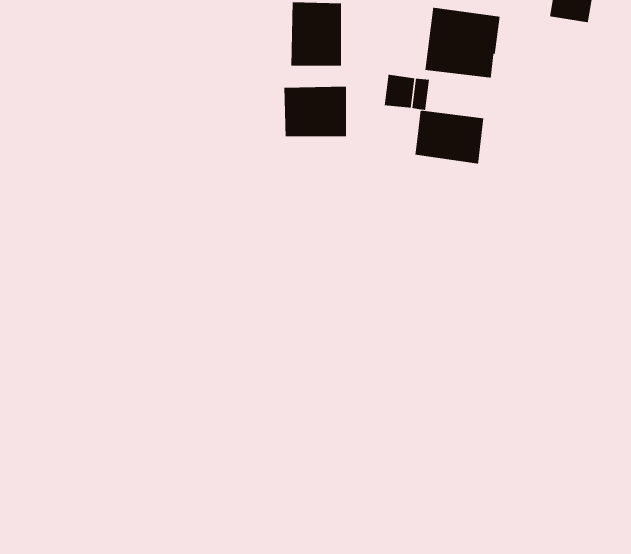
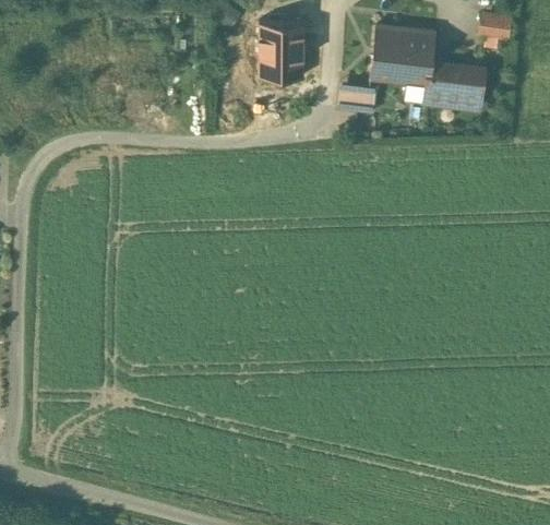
building: [284,86,347,137] -> none
building: [415,110,484,164] -> [426,65,483,110]

